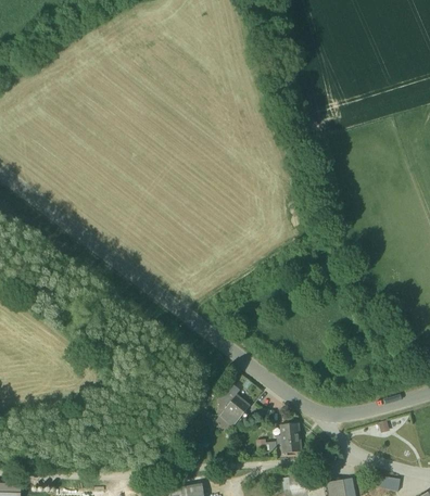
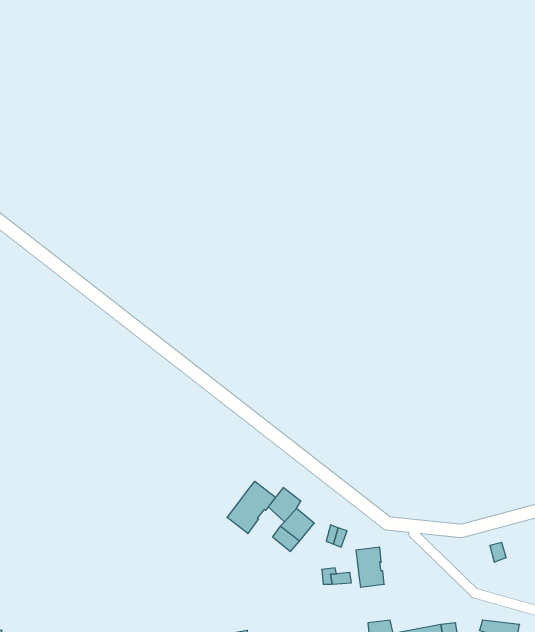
building: none -> [227,481,276,534]

